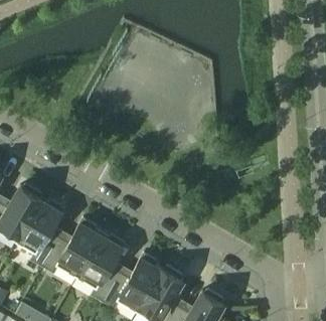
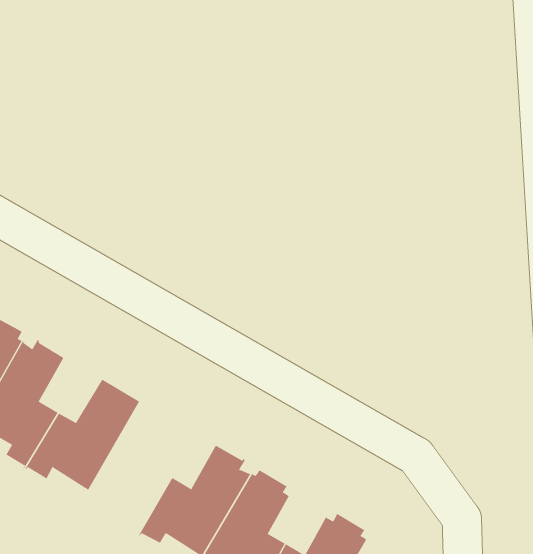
building: [75,231,124,303] -> none

